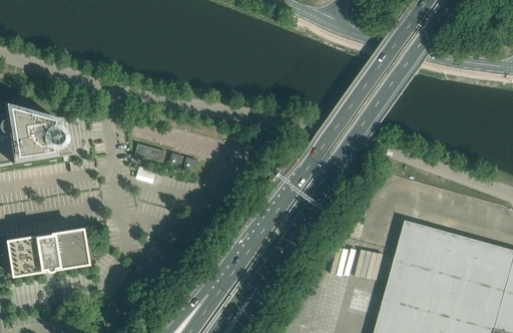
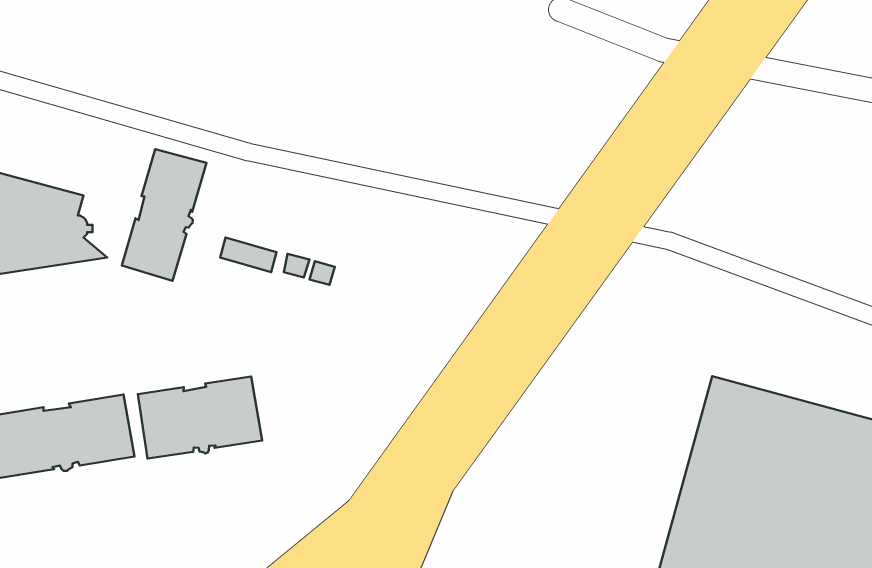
building: none -> [122,149,206,281]
building: none -> [138,376,262,459]

